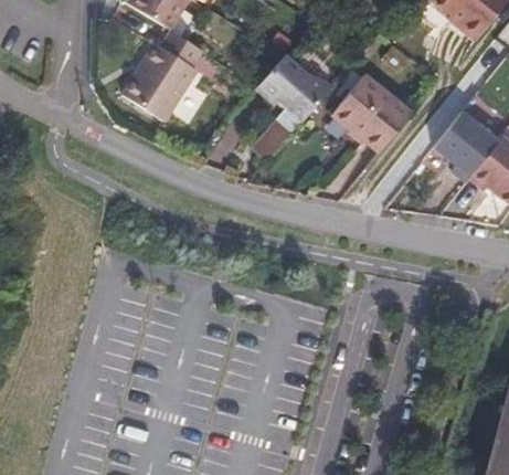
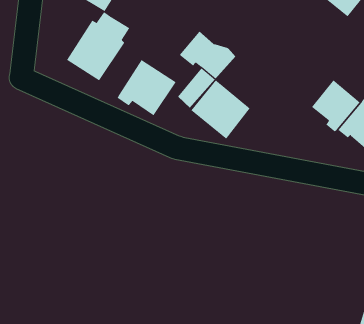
building: [339,75,416,152] -> [191,80,250,139]
building: none -> [117,59,177,116]

